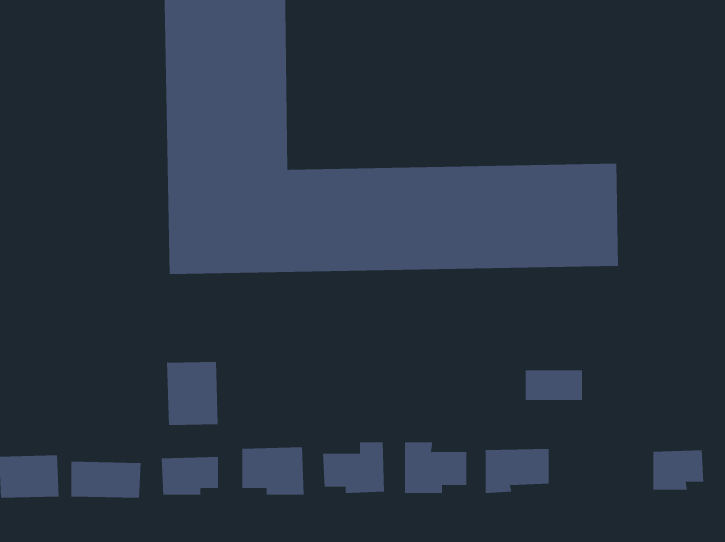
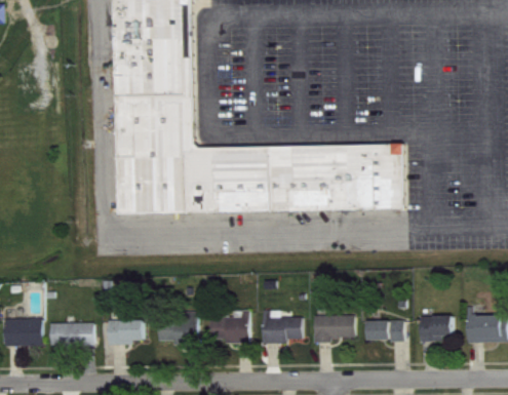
building: [167,361,218,426] -> none
building: [525,370,583,400] -> [367,322,404,342]

